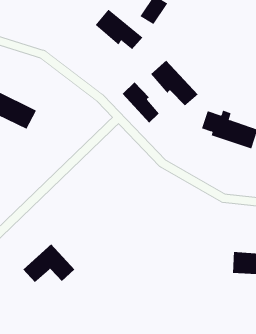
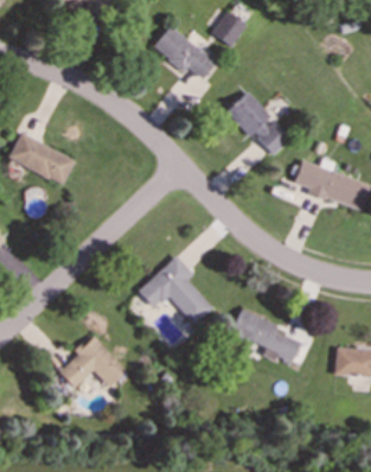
building: [122,82,160,123] -> none
building: none -> [137,256,213,325]
building: none -> [231,308,301,361]

